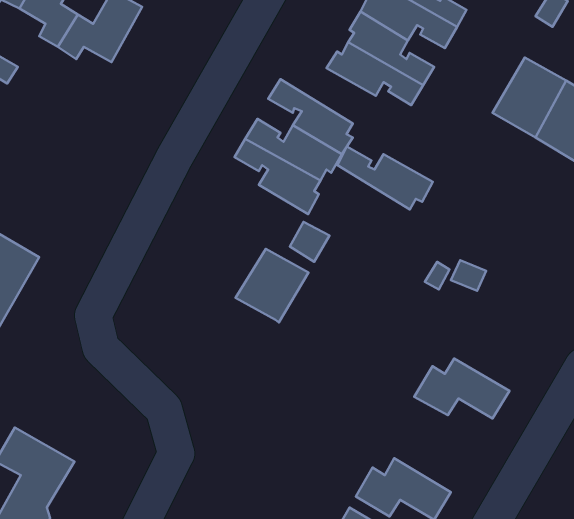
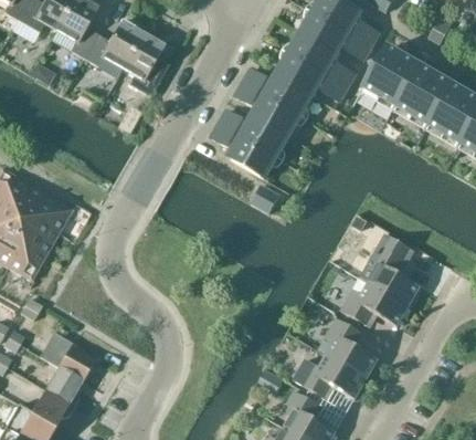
building: none -> [123,30,165,97]
building: none -> [363,48,420,106]
building: [338,147,433,210] -> [244,69,313,114]
building: [235,249,308,323] -> none
building: none -> [367,244,420,306]
building: none -> [324,317,378,379]

